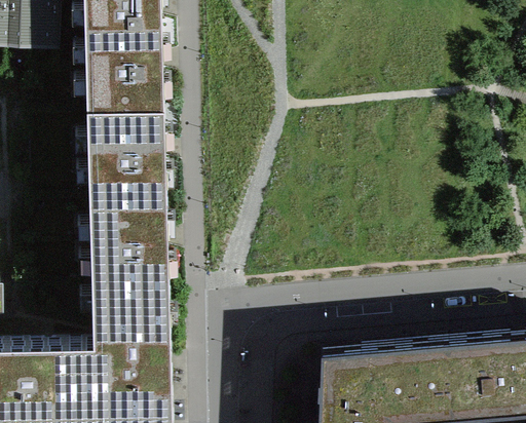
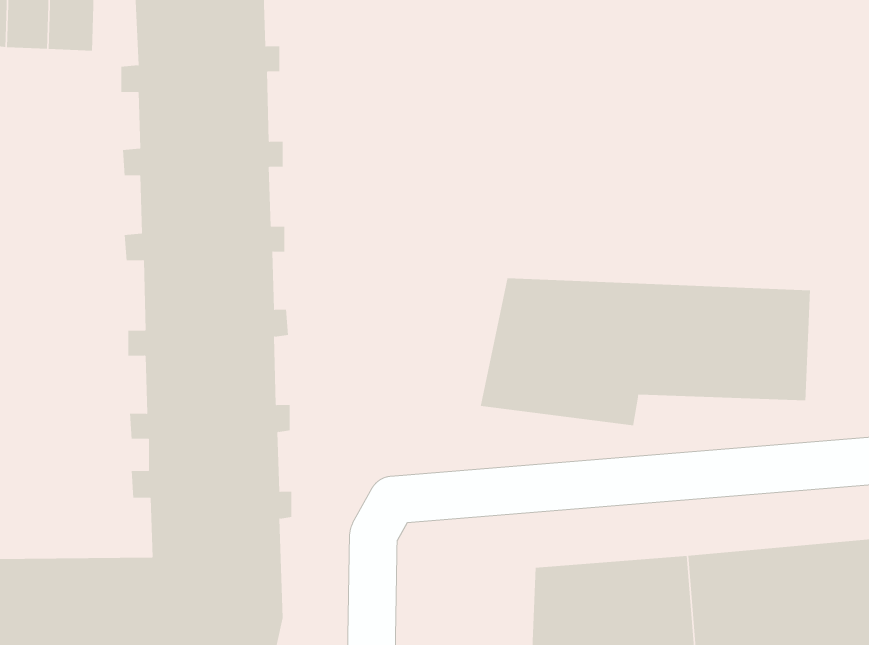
building: none -> [480,277,811,426]

